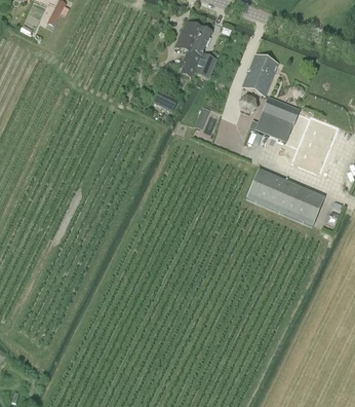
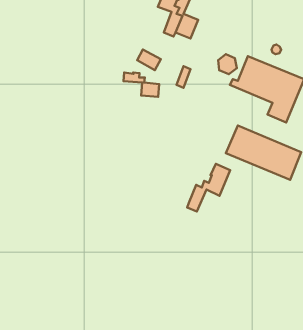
building: [242,53,277,96] -> none
building: none -> [123,72,159,97]
building: none -> [187,164,230,212]

